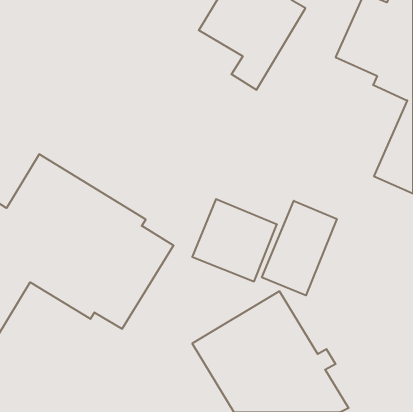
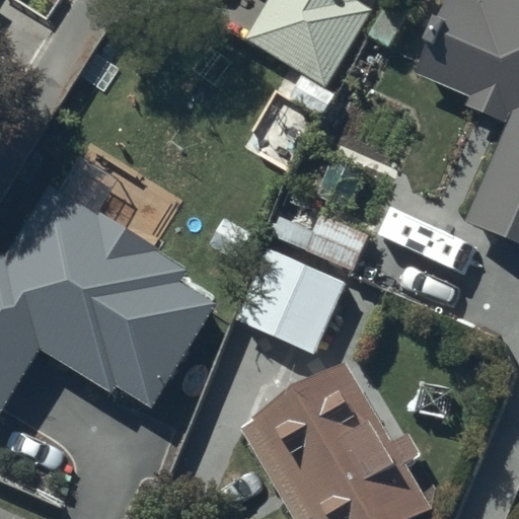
building: [262,201,337,295] -> none

